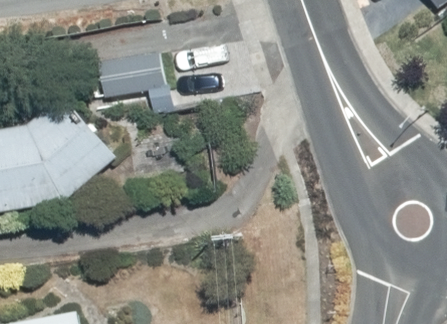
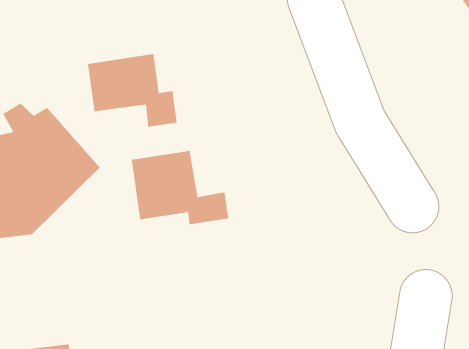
building: none -> [131,150,229,225]

